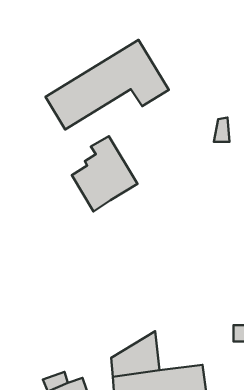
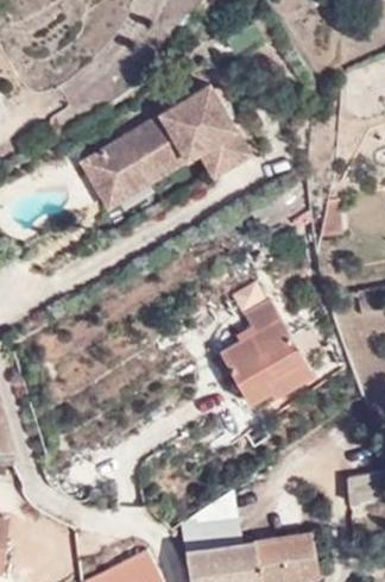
building: [72,136,137,211] -> [220,300,310,403]

